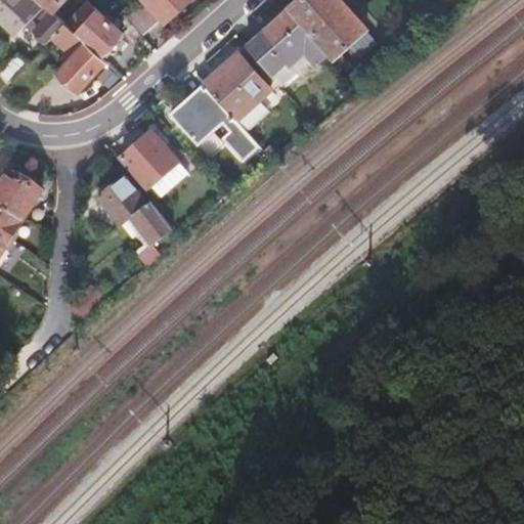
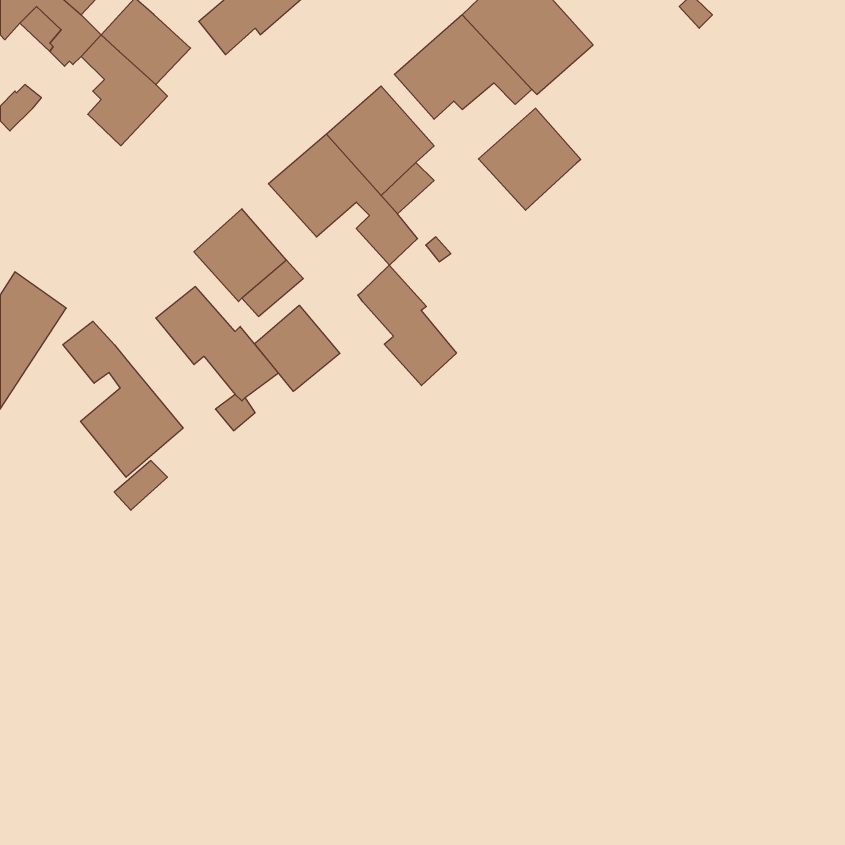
building: none -> [478,108,581,210]
building: none -> [358,265,456,386]
building: none -> [254,305,340,391]
building: none -> [63,321,183,477]

